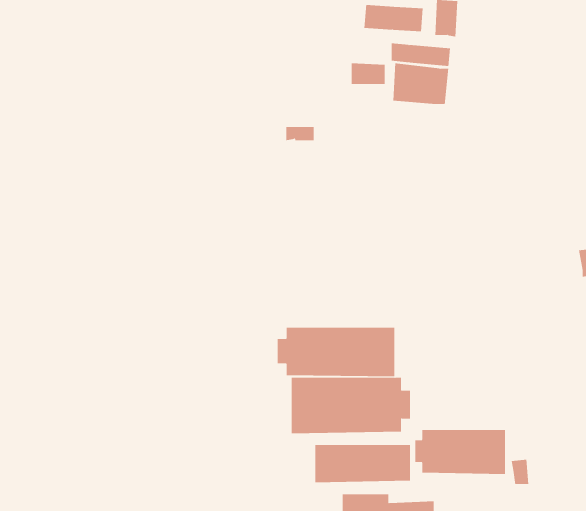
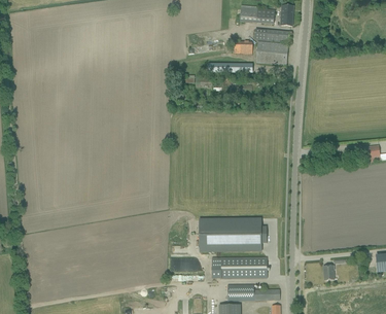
building: [277,327,395,377] -> none
building: [415,429,505,475] -> none

